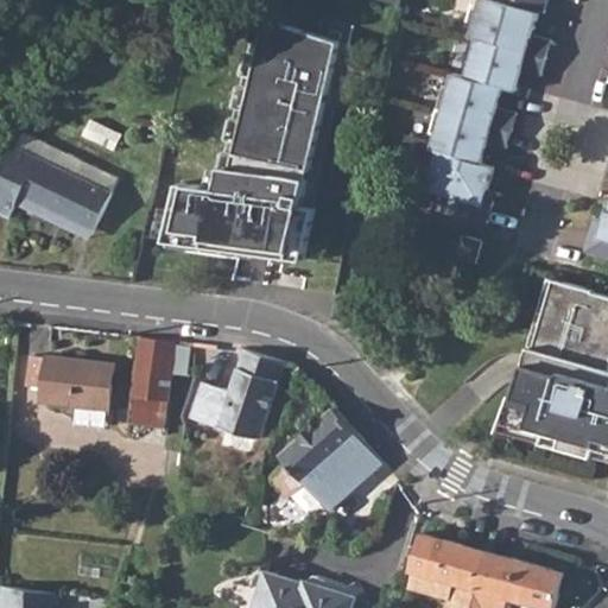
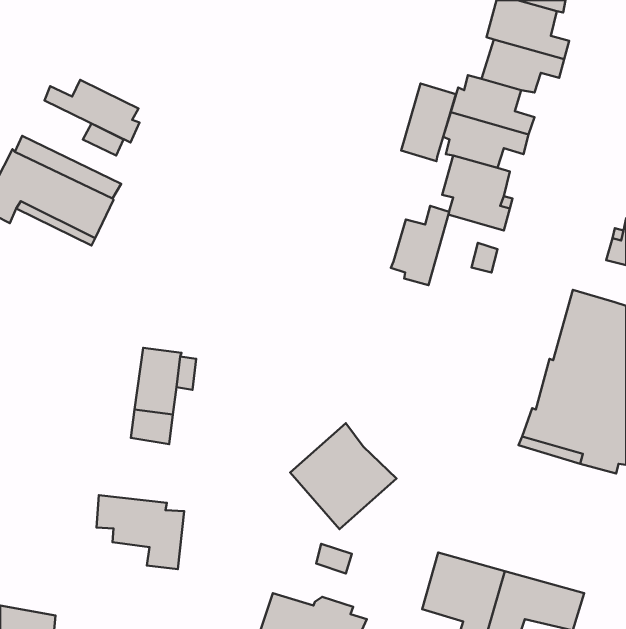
building: [160,14,337,259] -> none
building: none -> [45,80,140,142]
building: none -> [401,83,456,161]
building: none -> [391,206,449,285]
building: [188,349,283,439] -> none
building: [26,355,110,426] -> [96,495,184,569]

